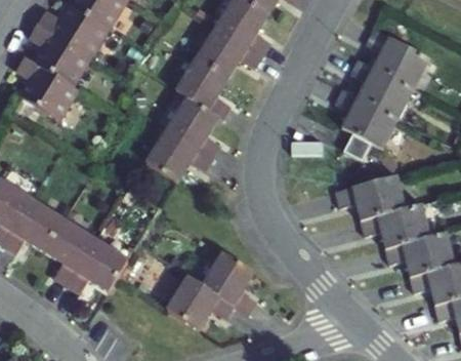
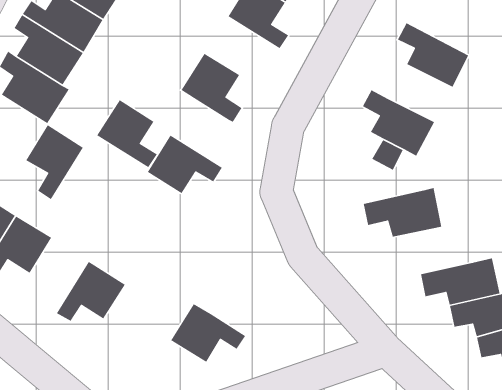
building: [195,27,261,78] -> none
building: [349,61,413,119] -> none
building: [165,98,219,159] -> [96,99,158,168]
building: [360,207,430,252] -> none
building: [42,220,93,287] -> [25,124,84,200]
building: [201,253,255,316] -> none

